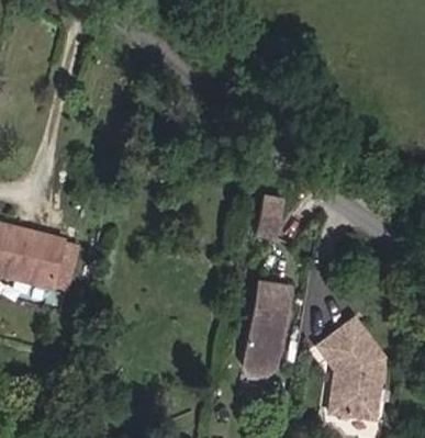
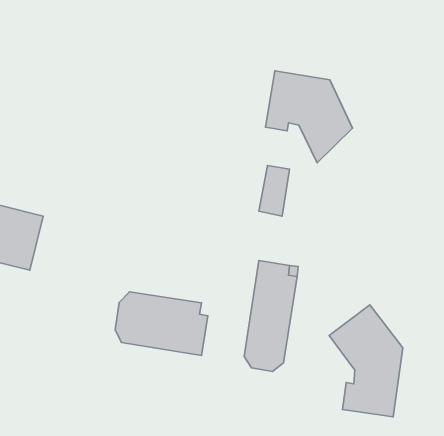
building: none -> [266,71,352,163]
building: none -> [115,292,208,356]

